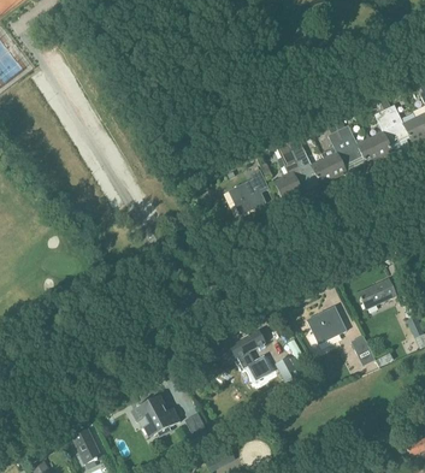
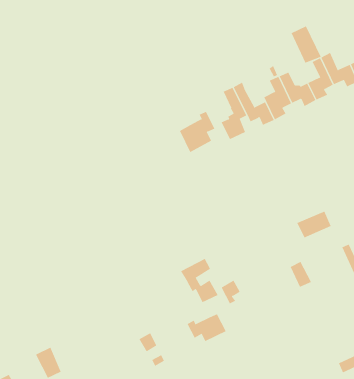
building: none -> [291,25,322,64]
building: [306,305,346,342] -> none
building: none -> [187,313,227,342]
building: [130,394,179,433] -> none

